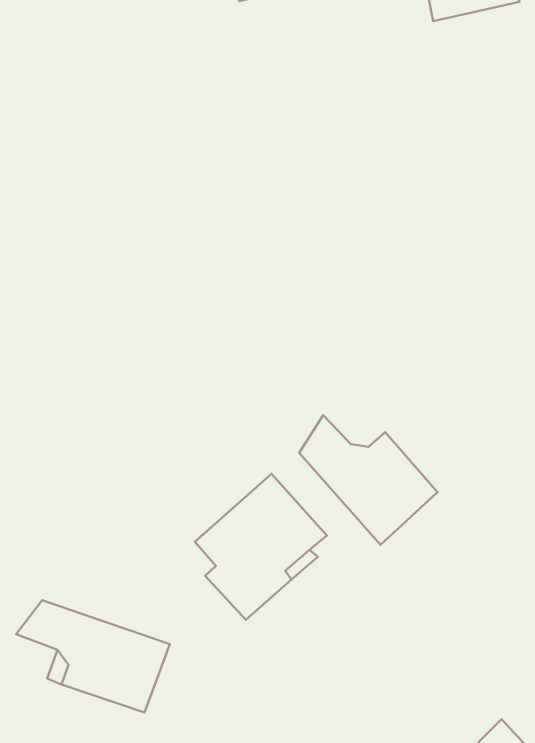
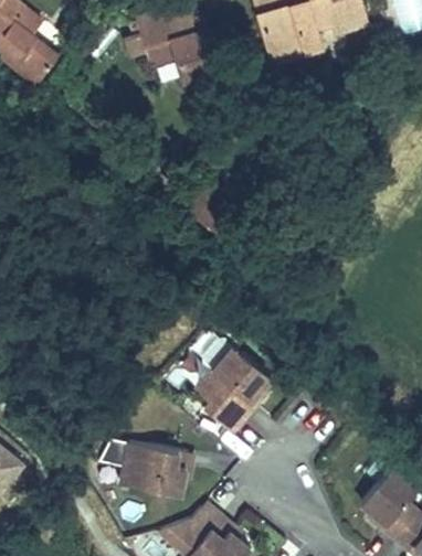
building: [299,415,437,545] -> none

